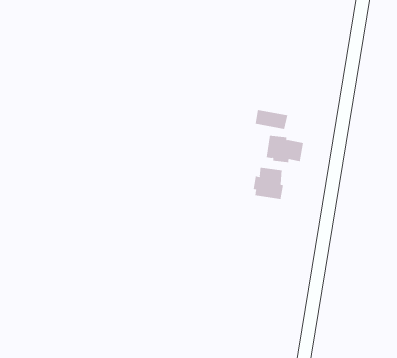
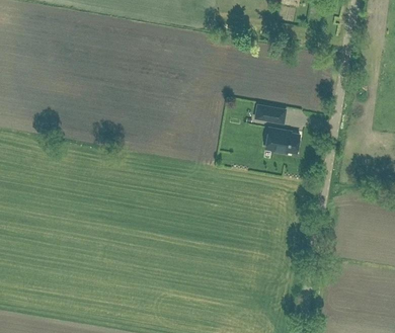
building: [253,167,284,200] -> none

